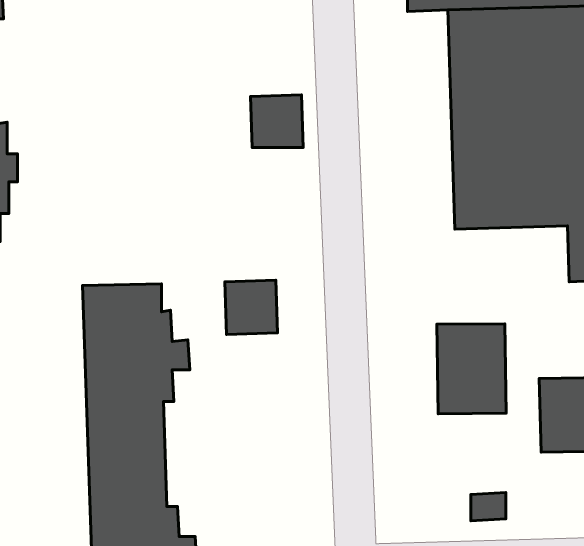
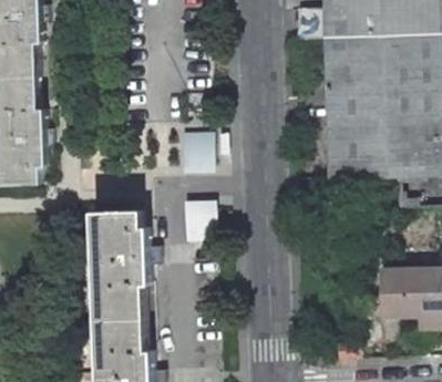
building: [250,95,303,148] -> [177,132,210,165]
building: [437,324,506,414] -> none

